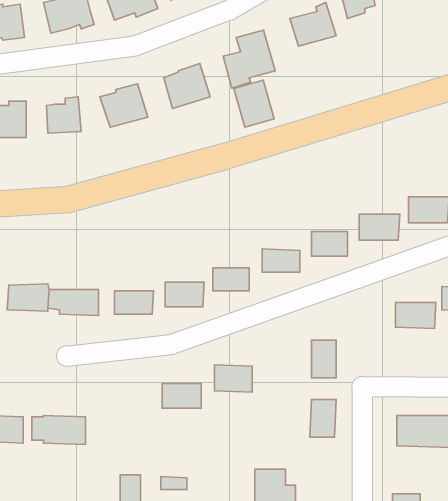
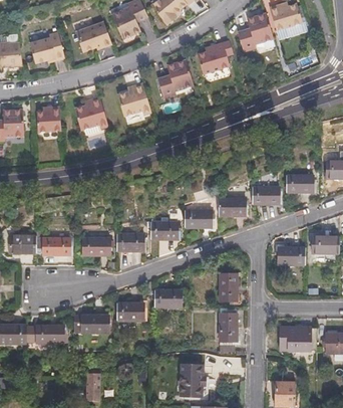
building: [234,80,274,127] -> none
building: none -> [73,316,108,332]

